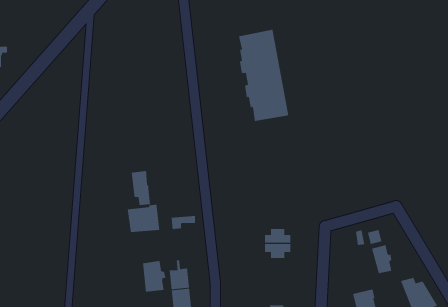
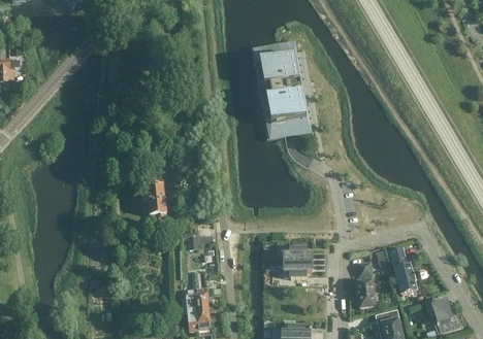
building: [127,204,160,233] -> none
building: none -> [357,261,376,307]
building: [143,260,166,293] -> none

